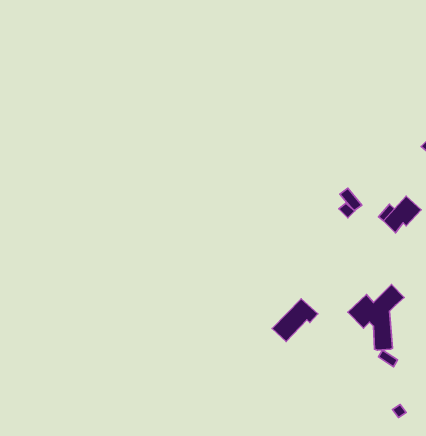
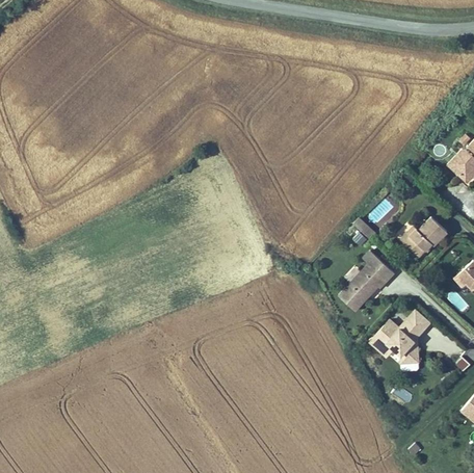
building: [272,299,318,342] -> [339,263,387,308]

